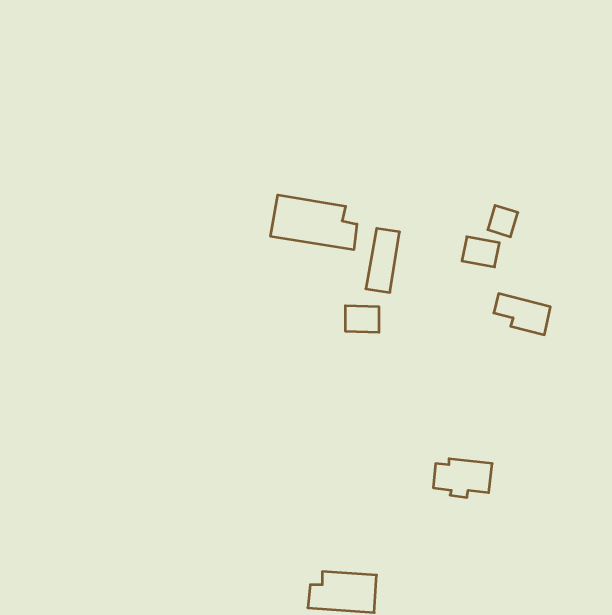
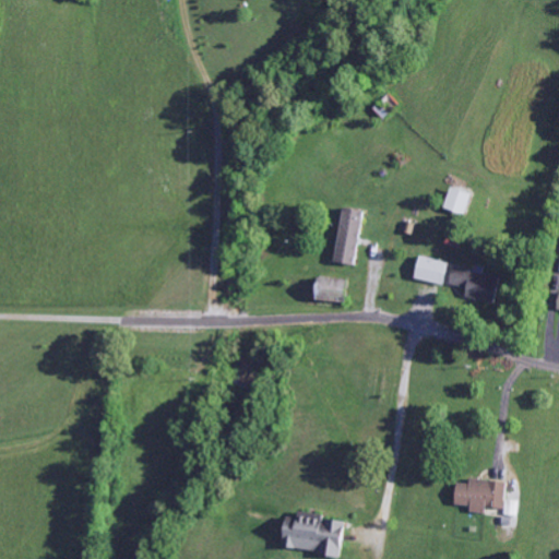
building: [271,195,357,250] -> none
building: [462,237,499,267] -> [412,255,445,283]
building: [433,459,492,497] -> [452,477,506,512]

